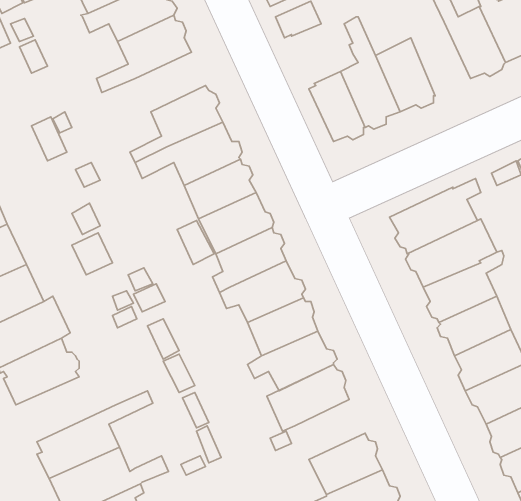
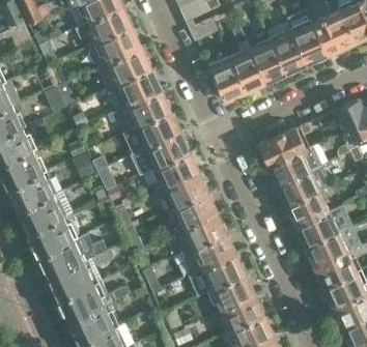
building: none -> [266,23,305,75]
building: none -> [107,48,150,83]
building: none -> [36,238,95,278]
building: none -> [201,253,245,288]

